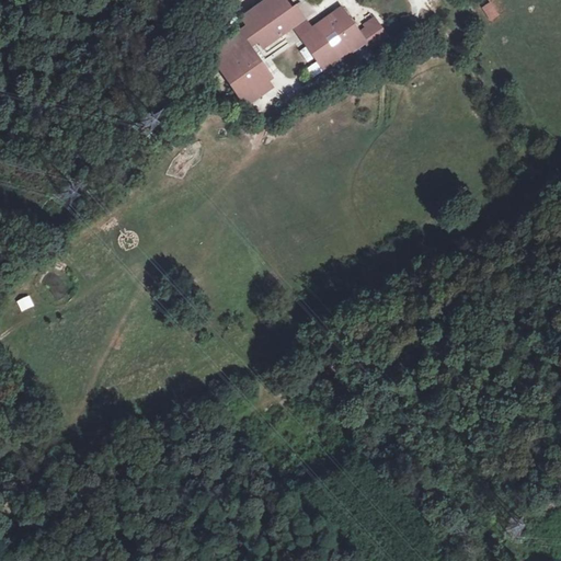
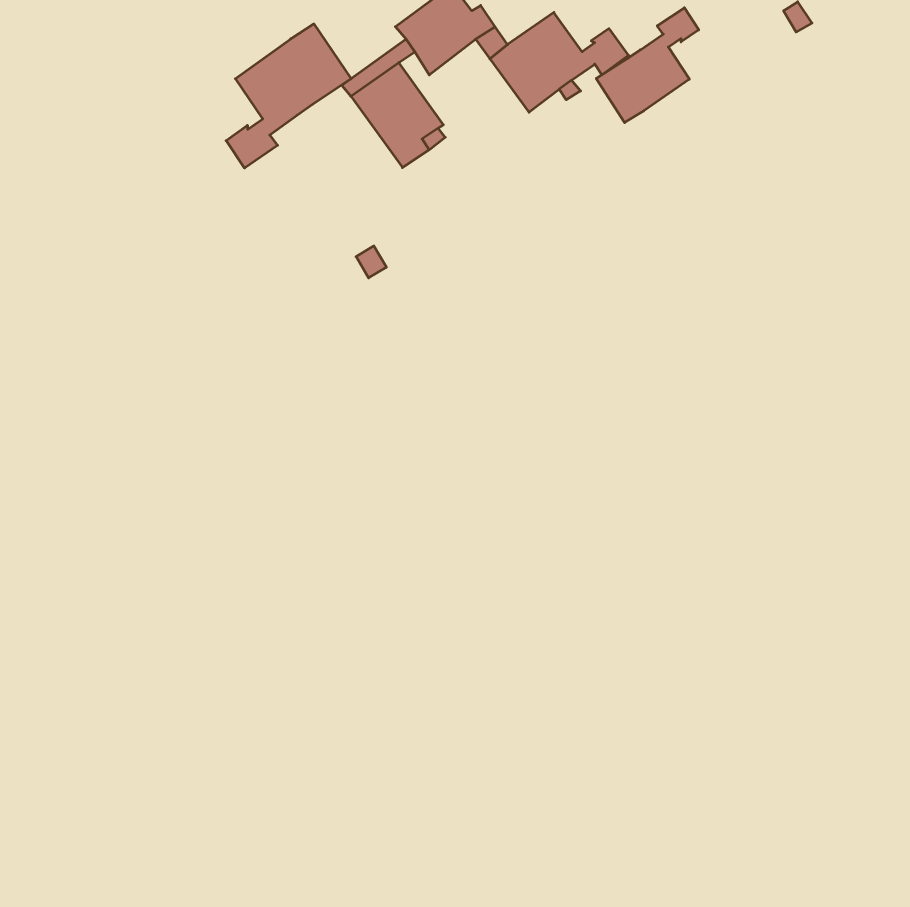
building: none -> [596,8,699,123]
building: none -> [226,24,351,168]

